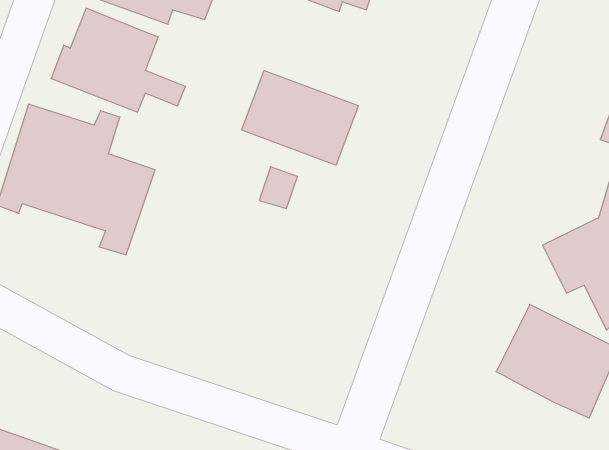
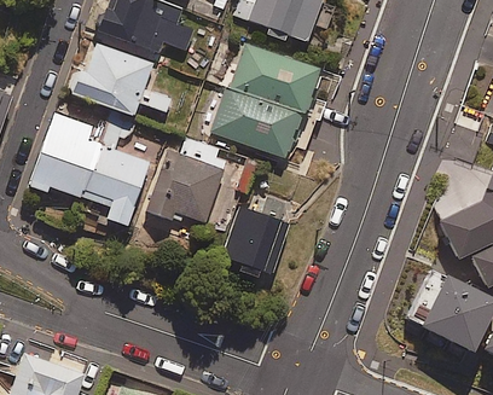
building: none -> [231,43,318,114]
building: none -> [146,135,231,222]
building: none -> [222,194,290,274]

